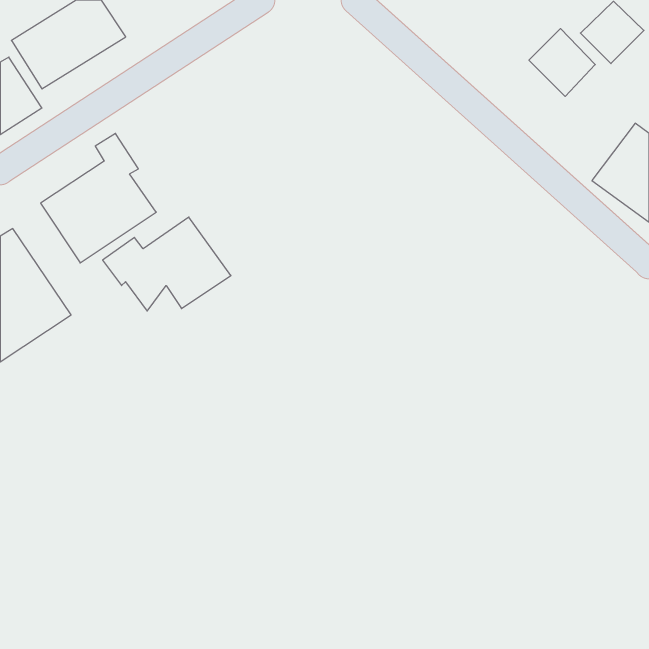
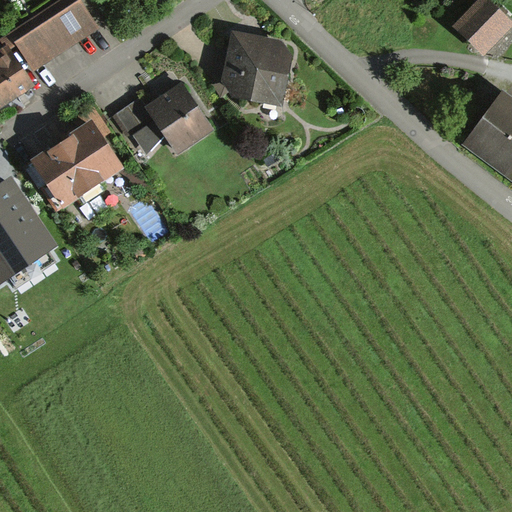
building: [529,29,595,96] -> none
building: none -> [218,30,292,106]
building: [103,217,231,311] -> [114,82,215,156]

